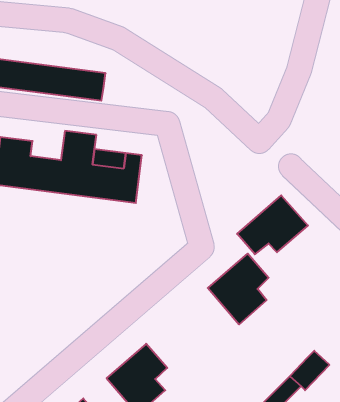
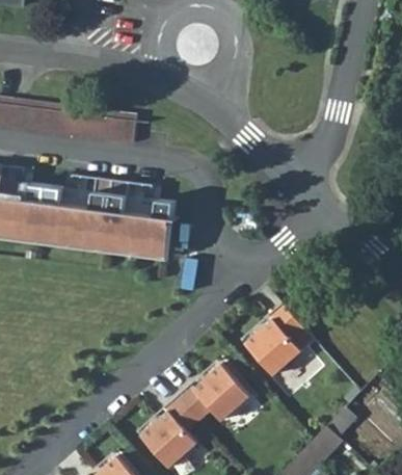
building: [237,195,308,254] -> none
building: none -> [179,362,251,424]

